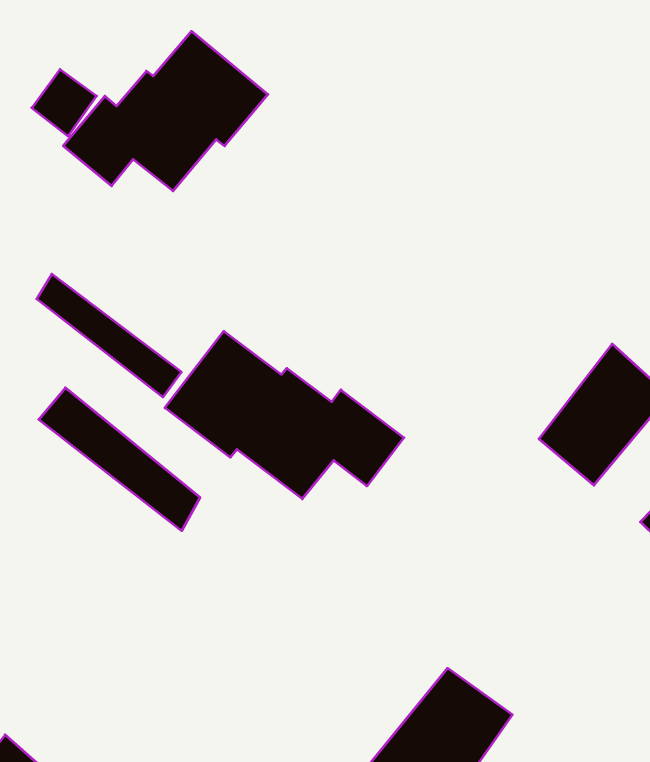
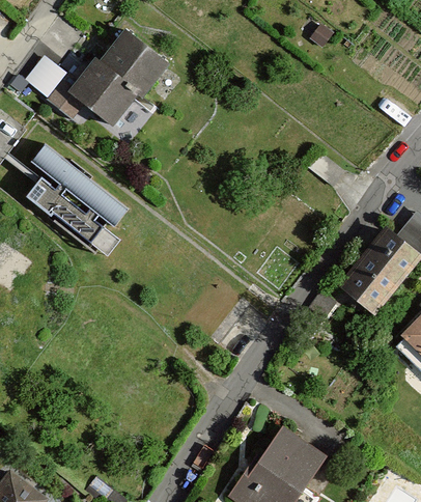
building: [165,331,404,499] -> none
building: [39,388,200,531] -> [28,143,129,232]

